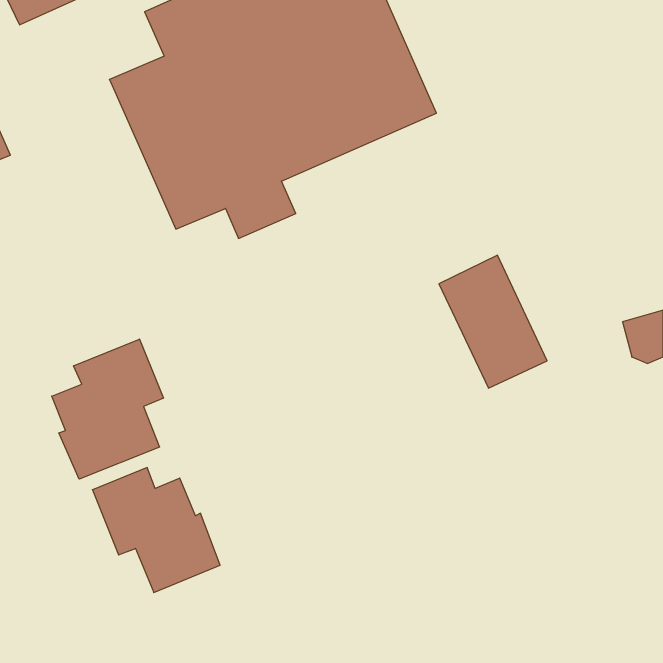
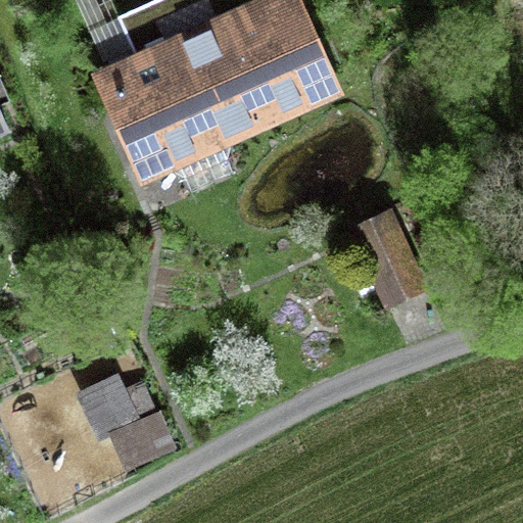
building: [52,339,164,479] -> none

